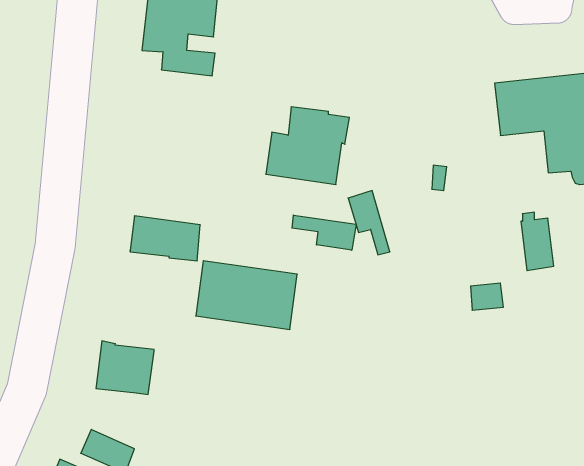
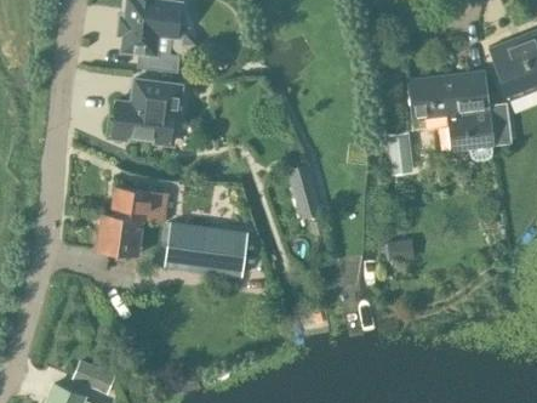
building: [266,107,349,185] -> [113,79,181,142]
building: [521,212,554,271] -> [388,129,415,176]
building: [292,215,356,250] -> none
building: [96,341,154,394] -> [96,211,143,255]

